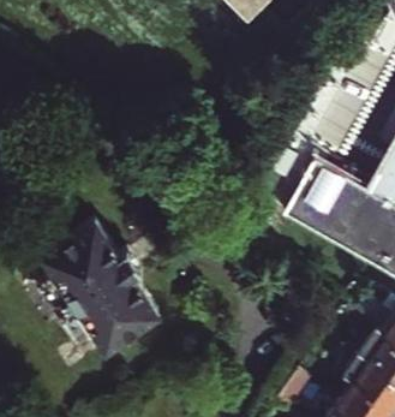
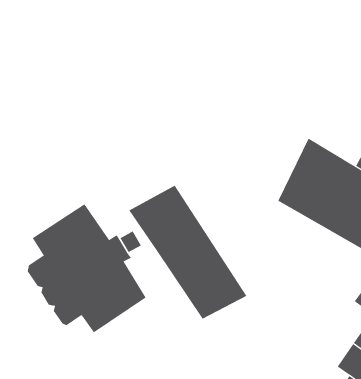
building: none -> [129,185,247,320]

